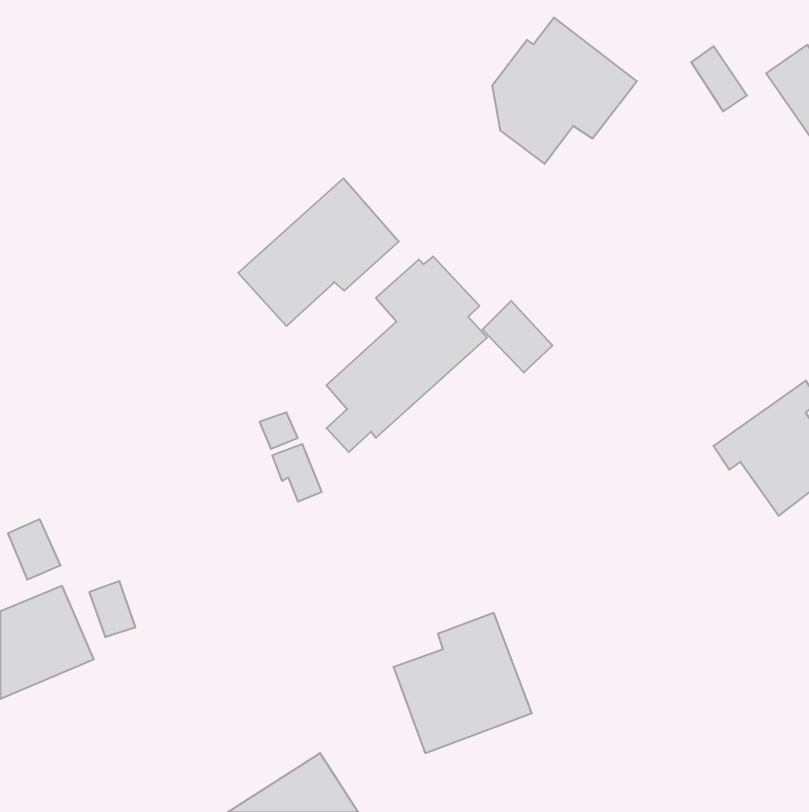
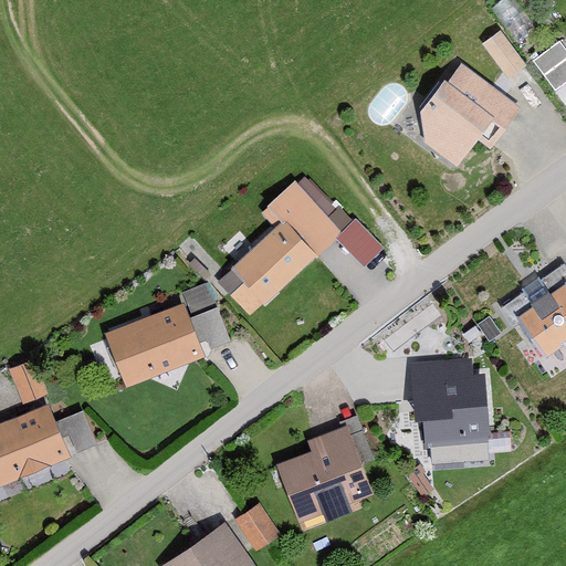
building: [492,17,637,164] -> [420,64,521,166]
building: [238,178,399,326] -> none
building: none -> [104,302,205,388]
building: none -> [410,359,489,448]
building: none -> [234,504,276,549]

